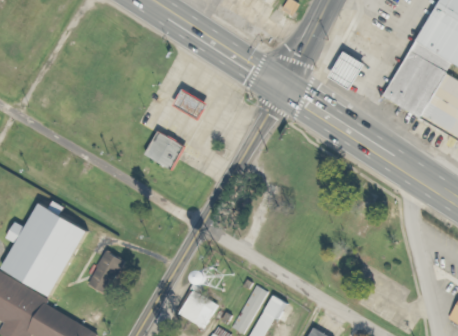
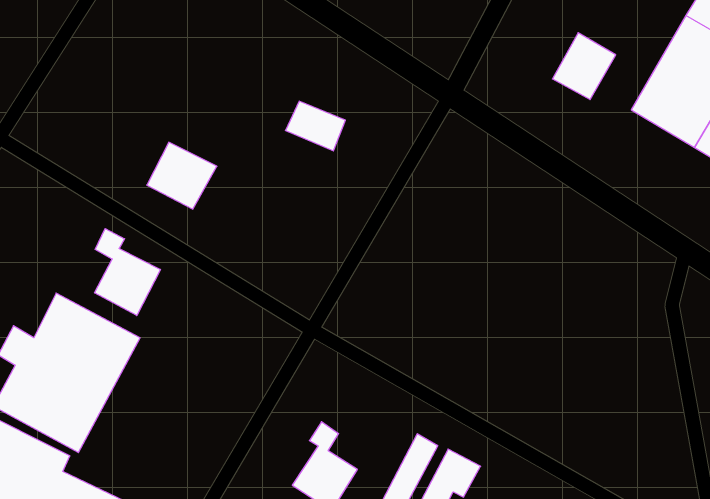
building: [147,130,188,169] -> [147,142,217,209]
building: none -> [95,229,160,316]
building: [88,249,126,293] -> none

